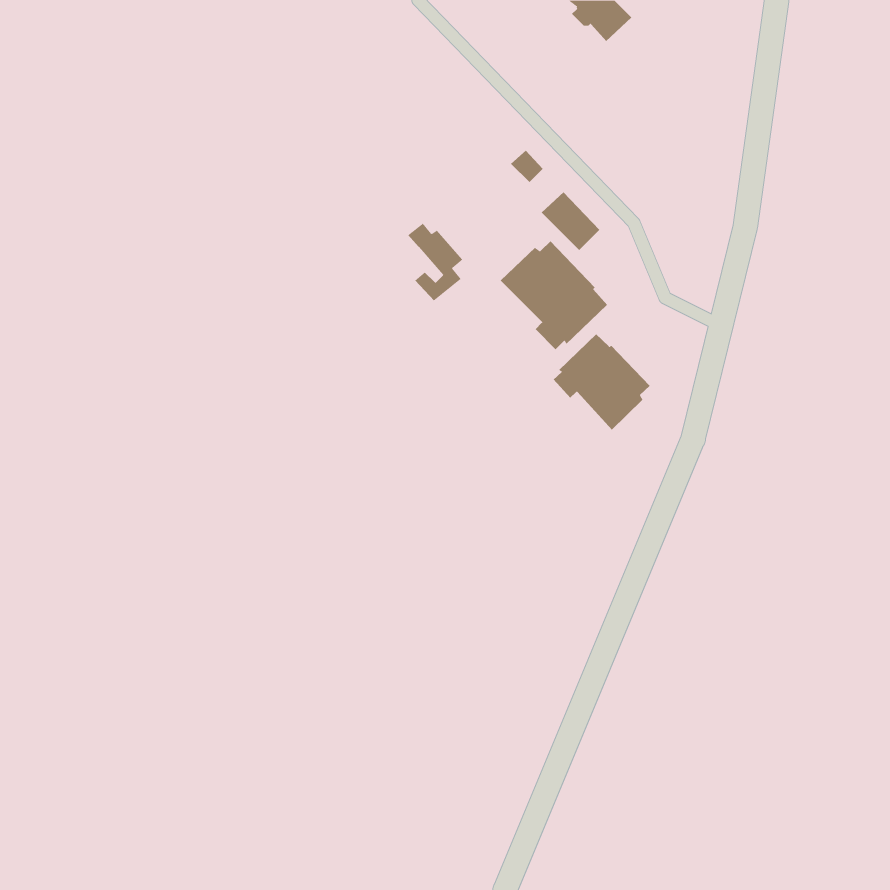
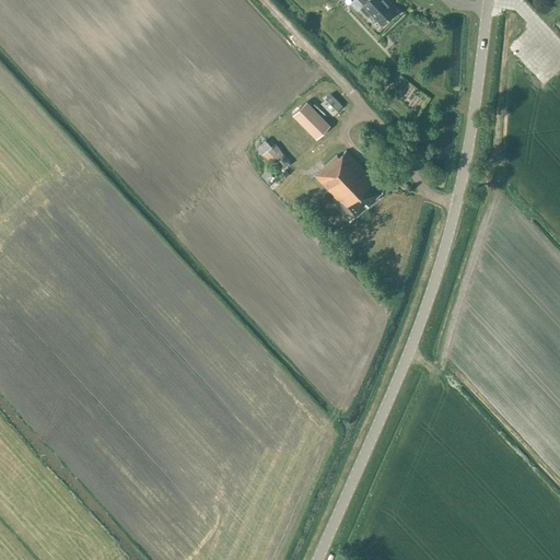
building: [541,192,600,251] -> [292,102,329,139]
building: [553,334,650,430] -> none

